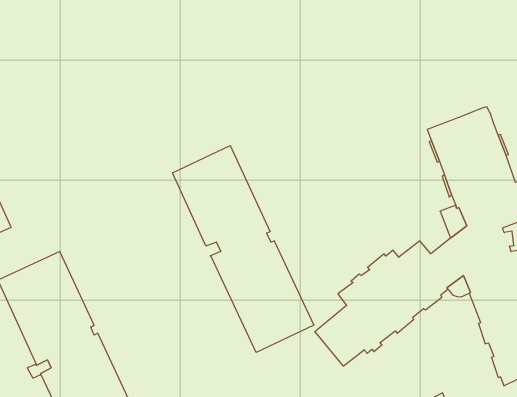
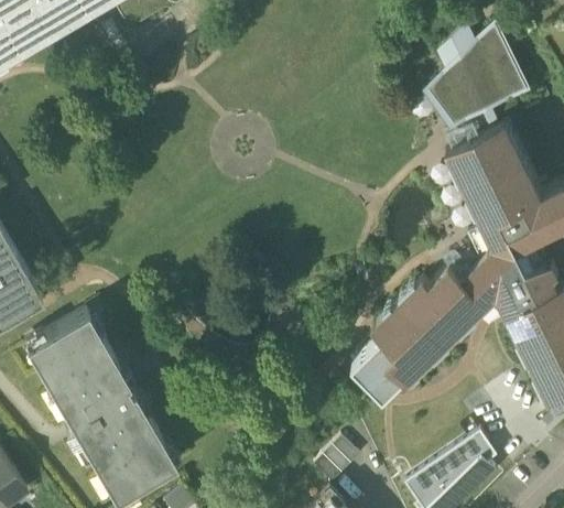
building: none -> [431,26,527,138]
building: [173,146,314,352] -> none

